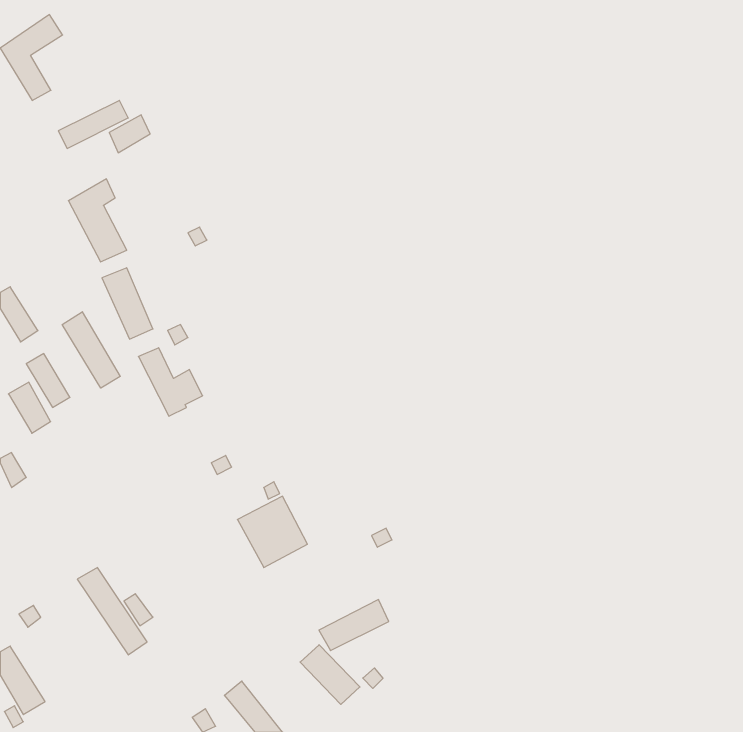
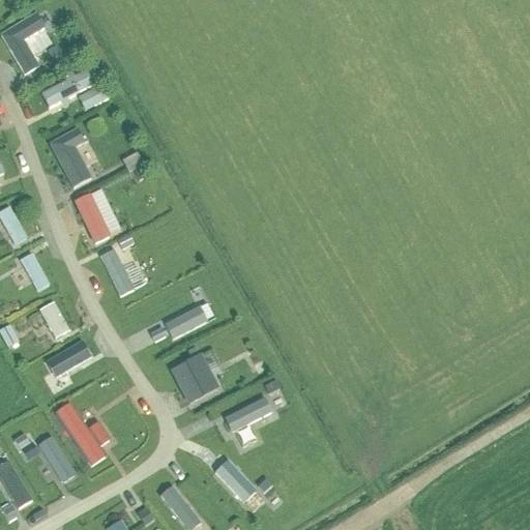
building: [62,312,120,388] -> none
building: [8,382,51,433] -> [39,301,69,337]
building: none -> [165,304,207,337]
building: none -> [47,341,90,376]
building: [319,600,389,651] -> [224,395,273,432]
building: none -> [37,434,77,481]

